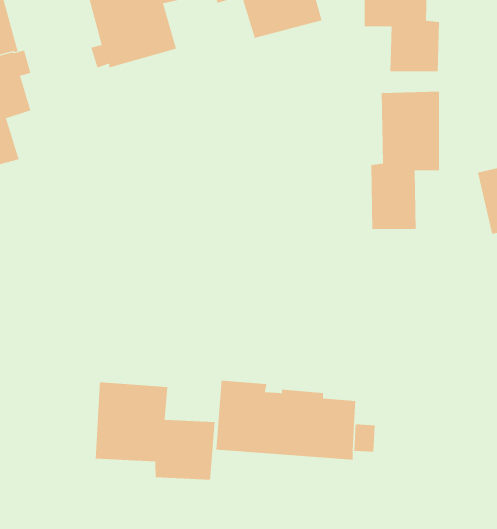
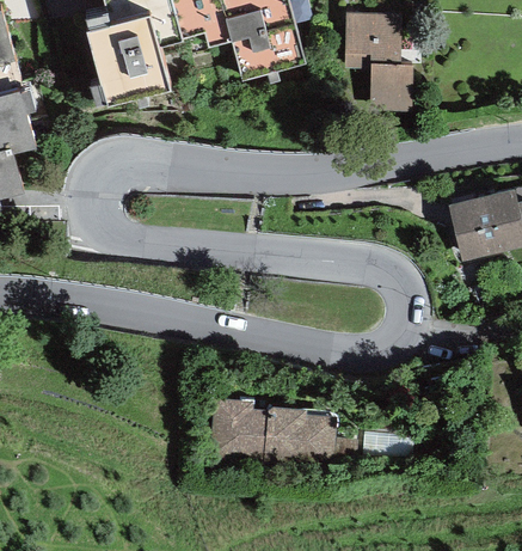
building: [371,91,439,230] -> none
building: [95,381,215,480] -> none

